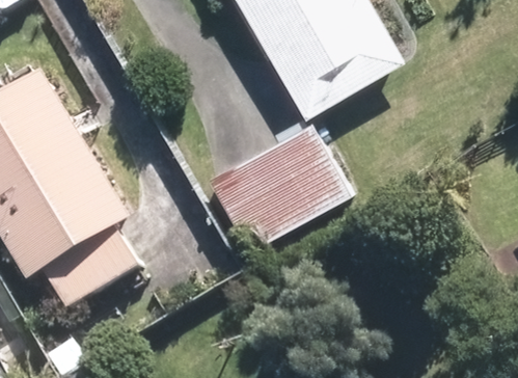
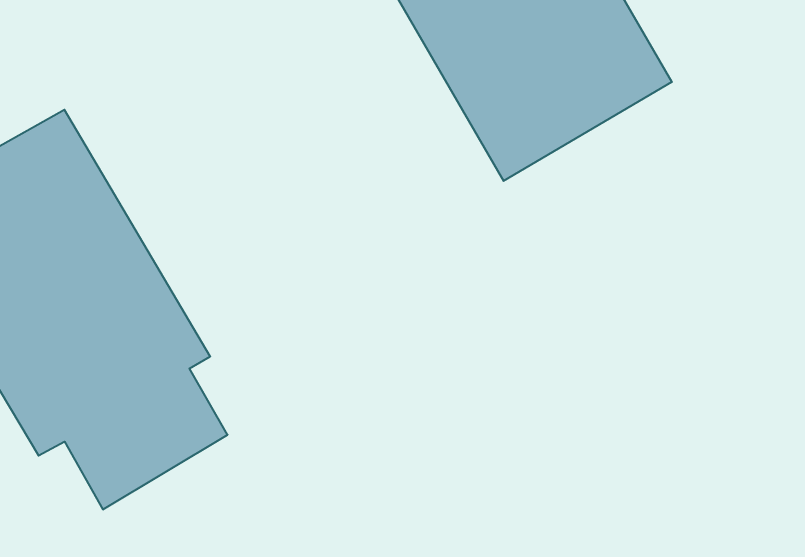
building: [208,123,351,252] -> none

